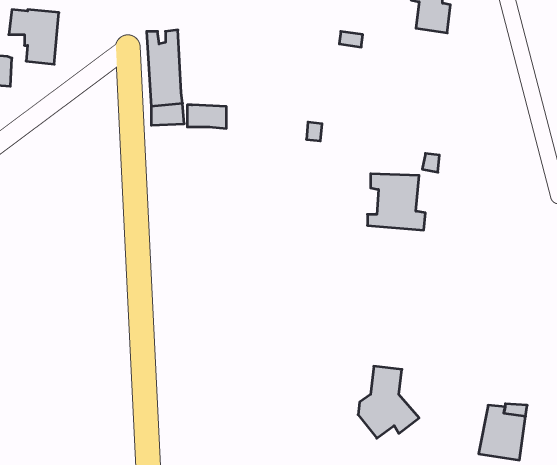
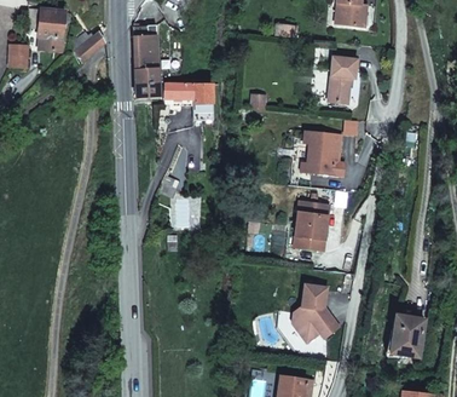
building: none -> [75,30,104,62]
building: none -> [326,54,357,104]
building: none -> [193,82,213,114]
building: none -> [296,205,326,252]

